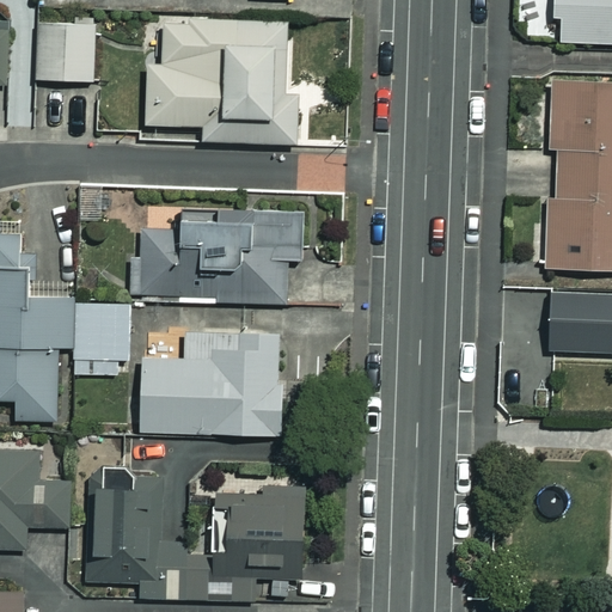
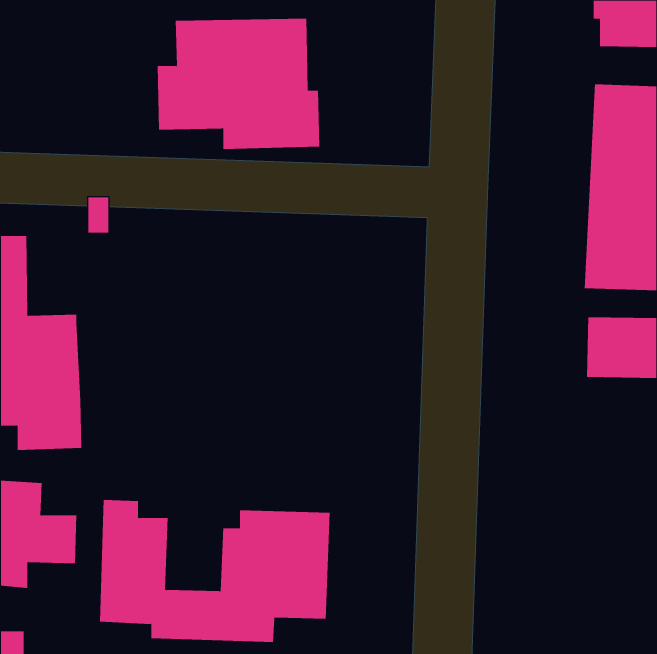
building: [38,22,93,80] -> none
building: [131,202,305,302] -> none
building: [72,302,130,375] -> none
building: [140,328,286,435] -> none

